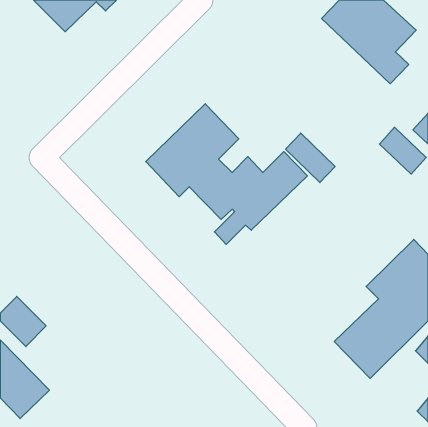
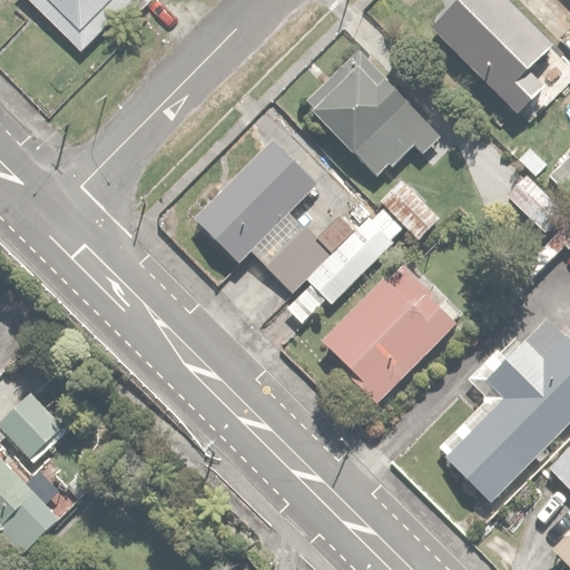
building: none -> [308,49,439,171]
building: none -> [321,256,460,404]

